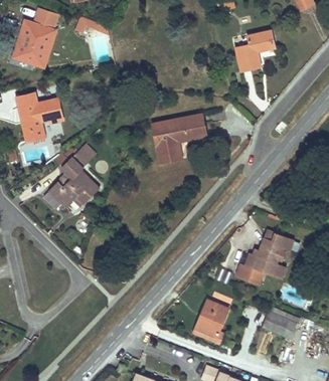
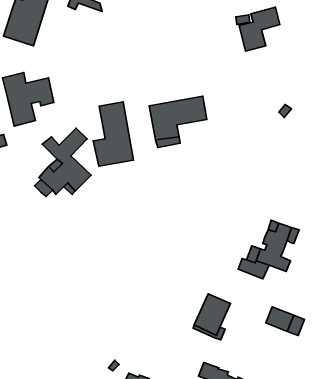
building: none -> [93,102,134,166]

